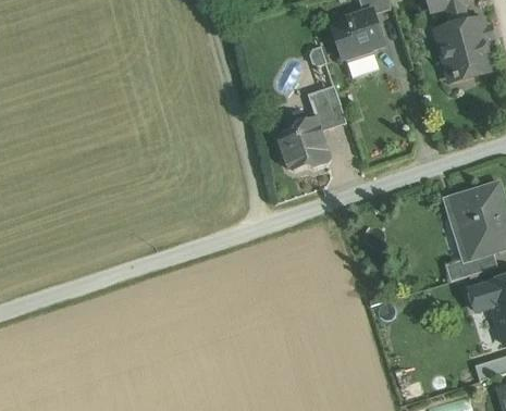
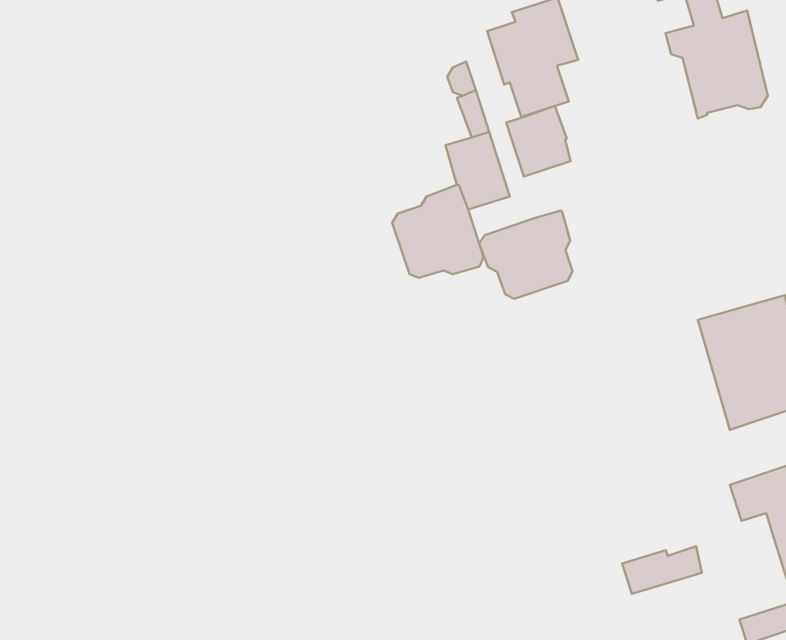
building: none -> [506,106,571,177]
building: none -> [479,210,573,299]
building: [445,251,491,278] -> [622,546,702,594]

